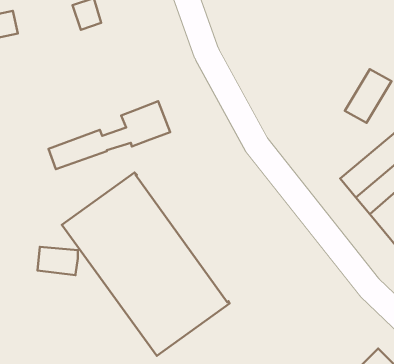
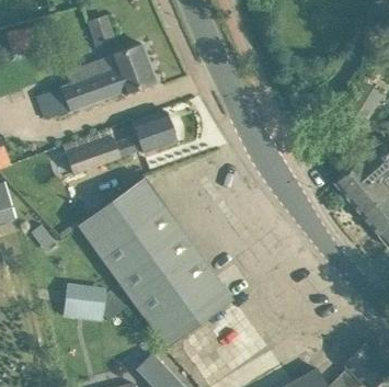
building: none -> [36,43,156,119]
building: [38,247,78,275] -> [66,286,103,312]

